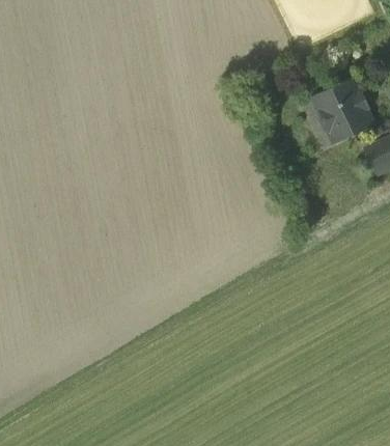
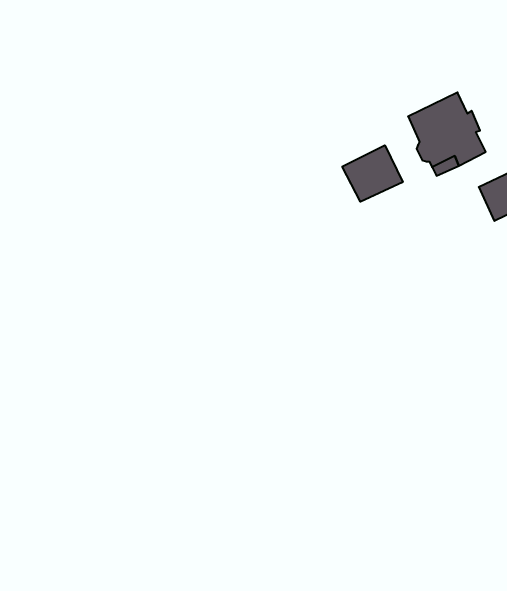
building: none -> [342,145,403,202]

